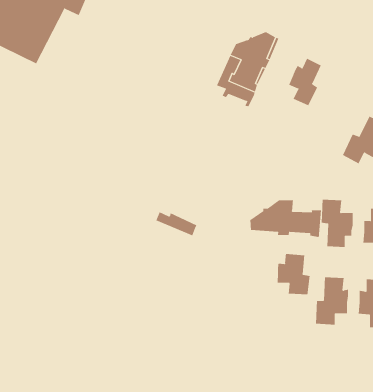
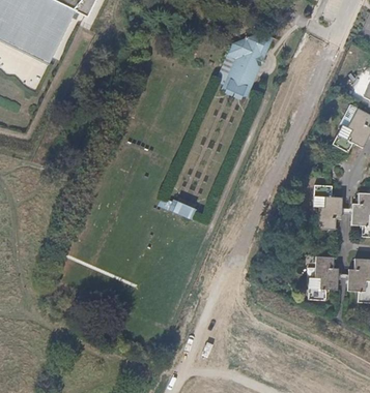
building: [288,58,322,106] -> none
building: [250,199,321,238] -> none
building: [277,253,310,295] -> none

